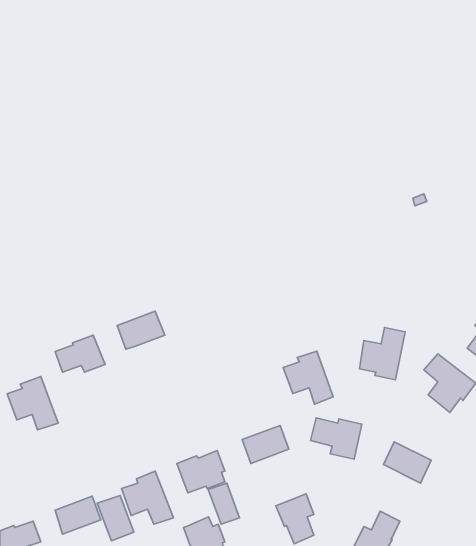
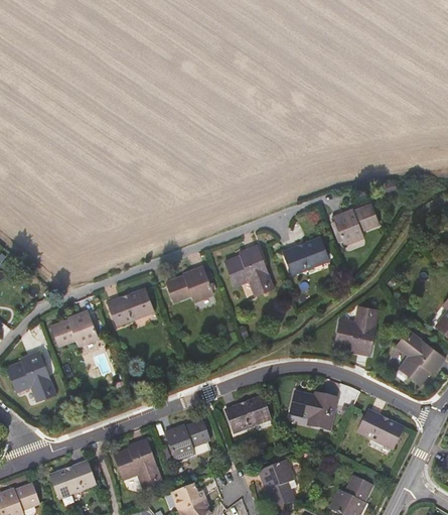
building: none -> [334,204,379,243]
building: none -> [285,240,328,275]
building: none -> [168,267,214,302]
building: [283,351,333,404] -> [227,246,273,295]
building: [208,483,240,524] -> none
building: [97,495,134,541] -> none

